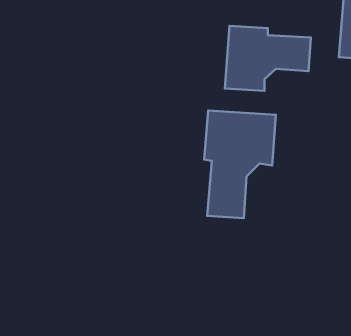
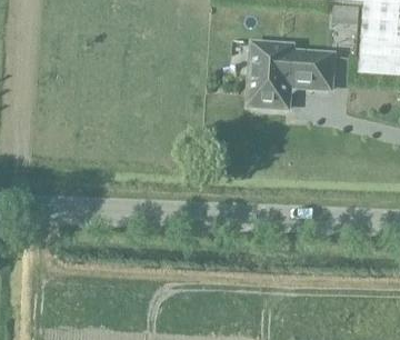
building: [204,111,276,218] -> none

